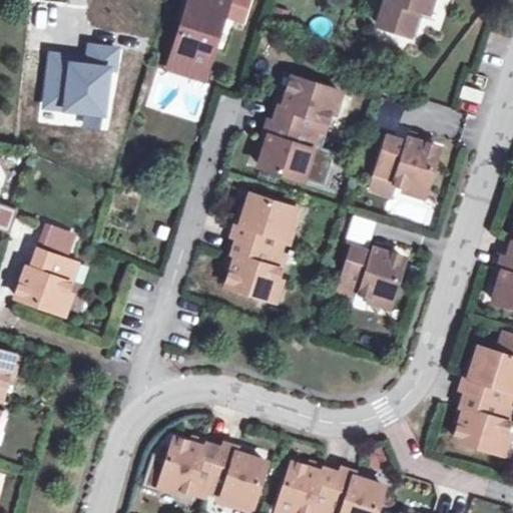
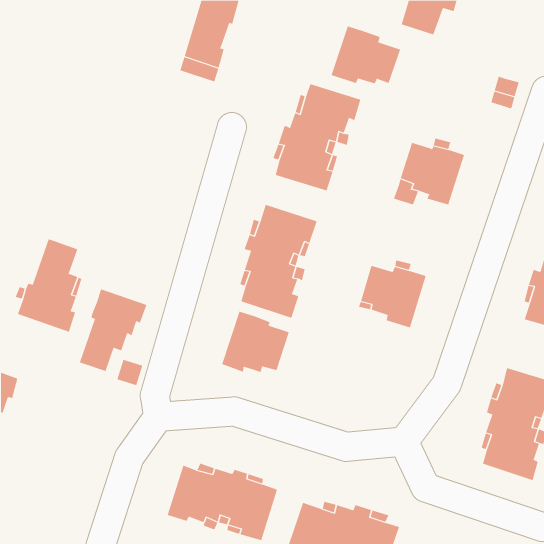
building: none -> [331,26,401,84]
building: [45,45,115,119] -> none
building: none -> [79,289,147,372]
building: none -> [222,311,289,373]

